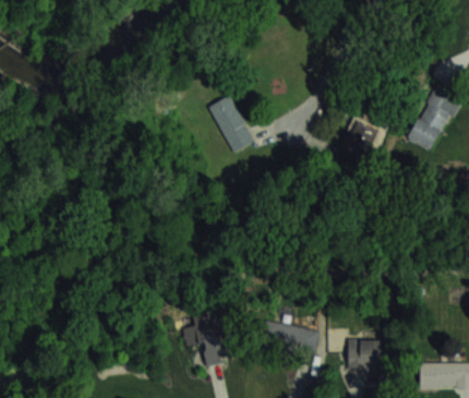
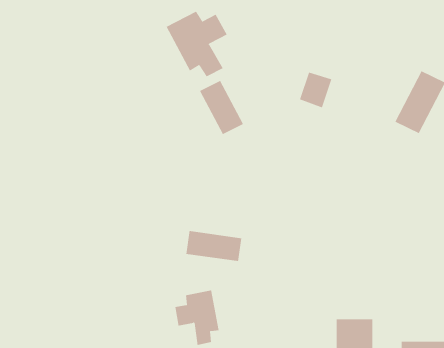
building: none -> [166,11,228,77]
building: [344,122,377,159] -> [299,72,332,108]
building: [262,322,320,353] -> [186,231,242,262]

